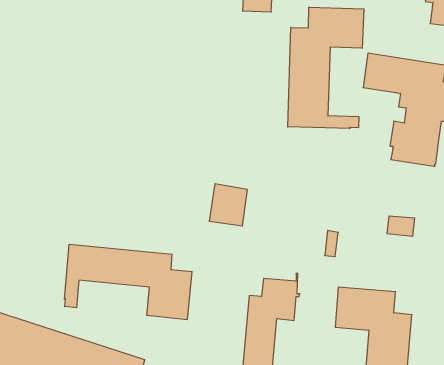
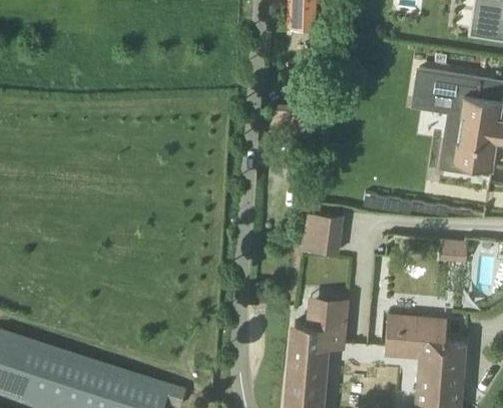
building: [288,7,364,129] -> none
building: [209,184,247,226] -> [304,209,344,253]
building: [64,244,192,320] -> none

